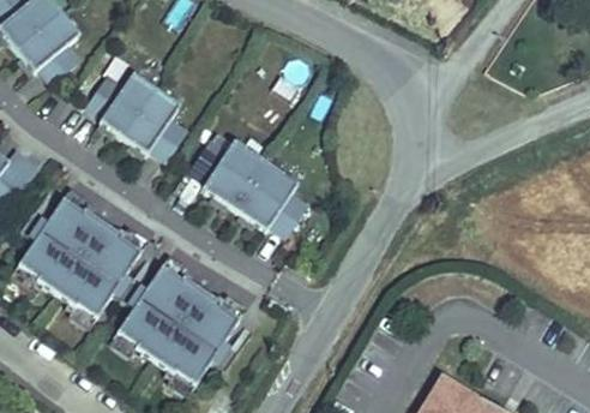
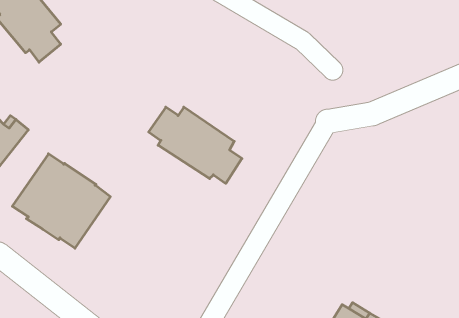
building: [89,71,188,157] -> none
building: [119,263,241,382] -> none

